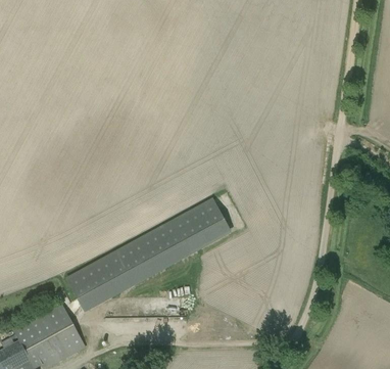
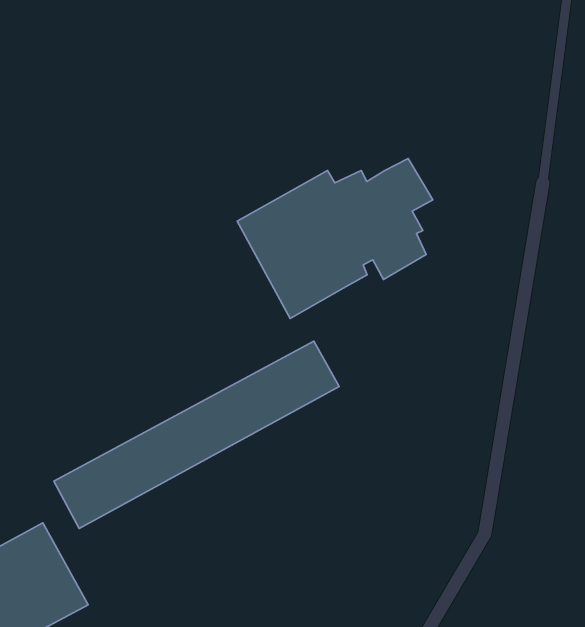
building: none -> [237,158,433,318]

